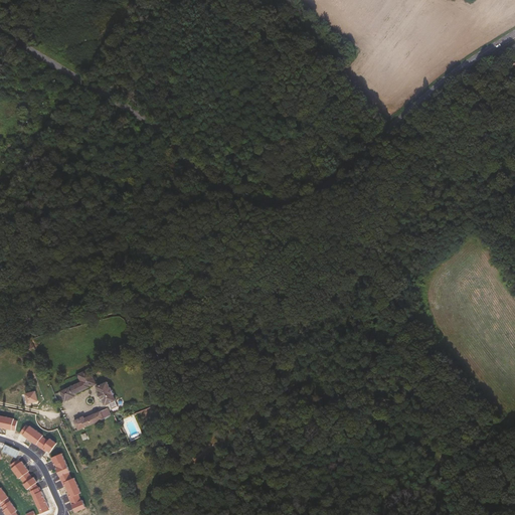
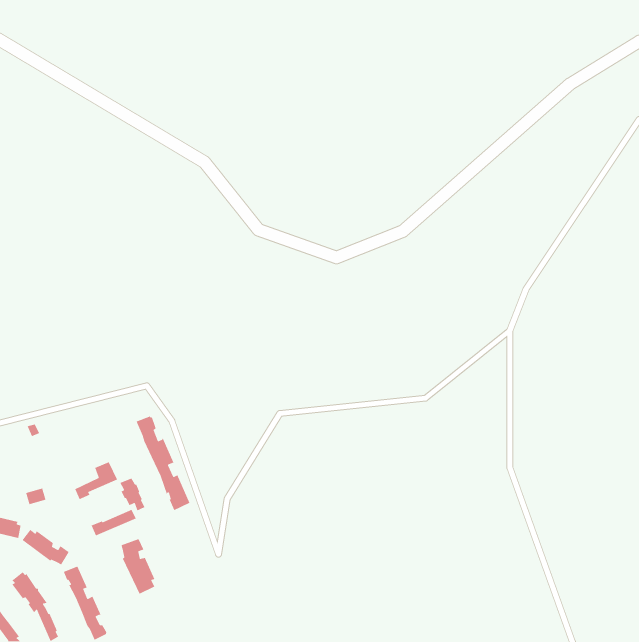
building: none -> [135,416,190,511]
building: none -> [120,538,156,595]

